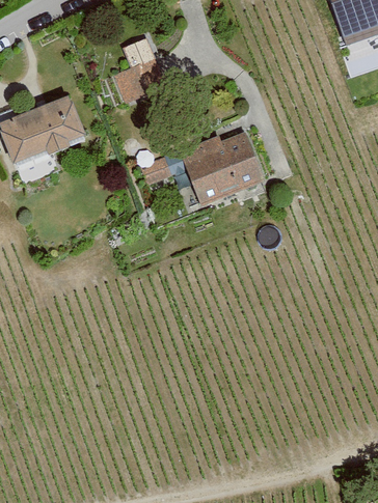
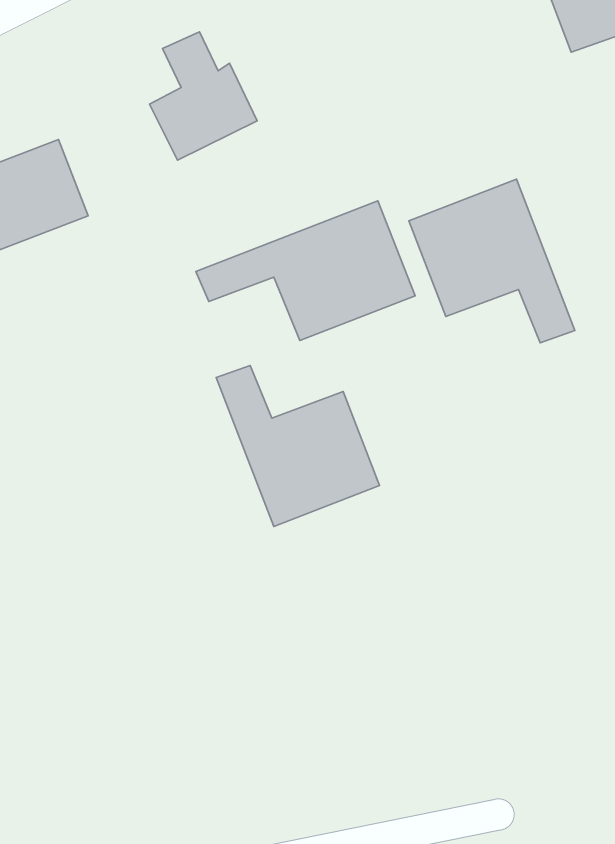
building: none -> [409,179,575,343]
building: none -> [216,366,380,526]

